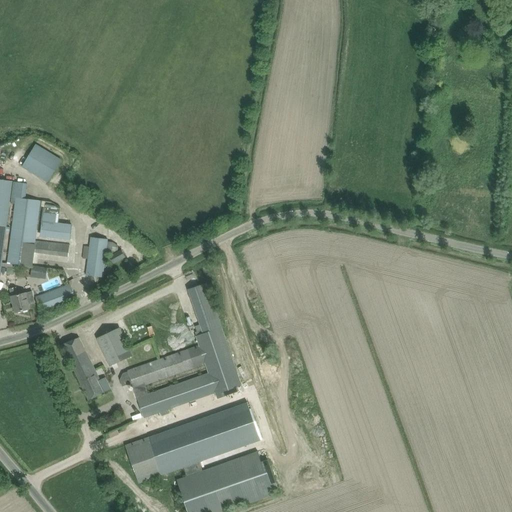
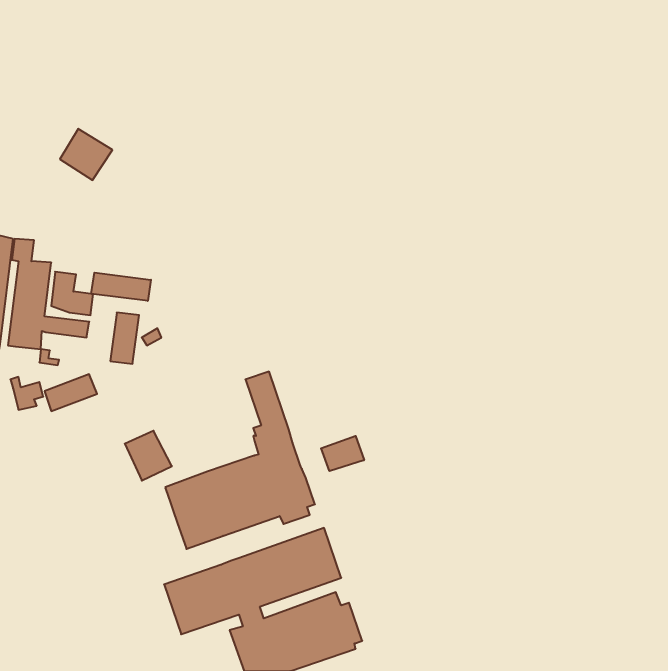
building: [20,144,60,183] -> [60,129,112,180]
building: none -> [91,273,151,301]
building: none -> [321,436,364,471]
building: [61,338,109,400] -> none

